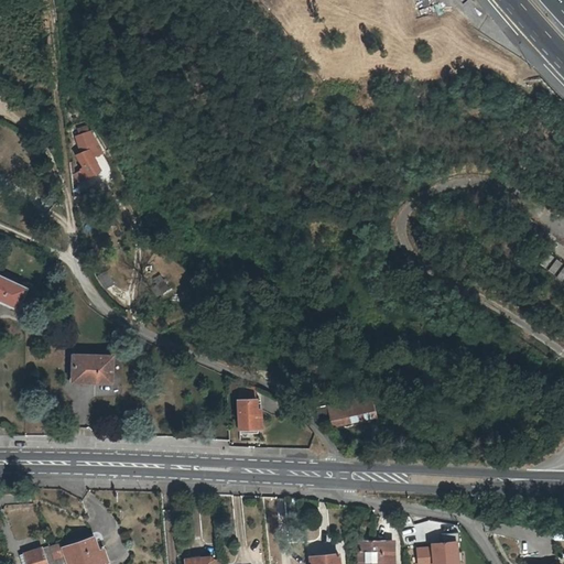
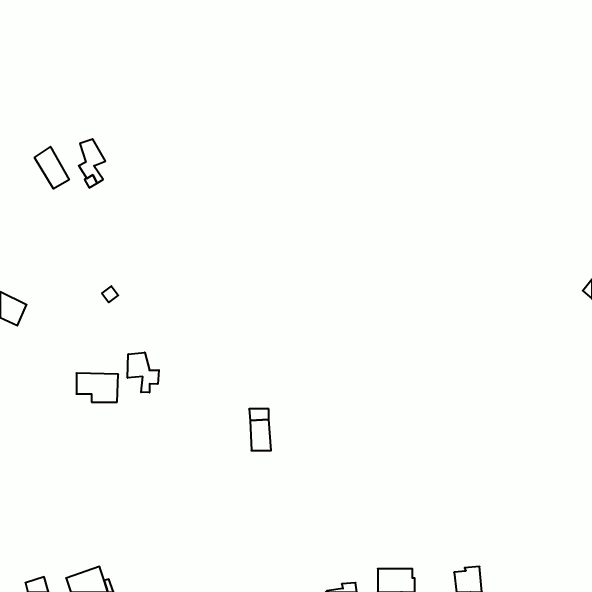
building: none -> [35,147,69,189]
building: none -> [128,352,159,393]
building: [312,394,376,427] -> none

